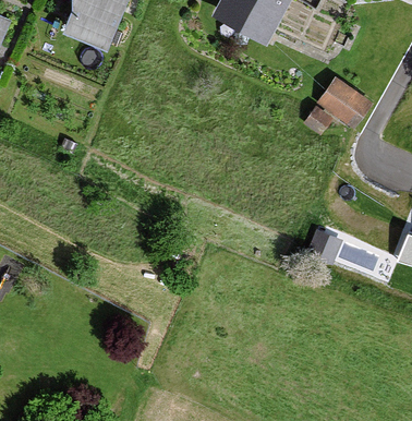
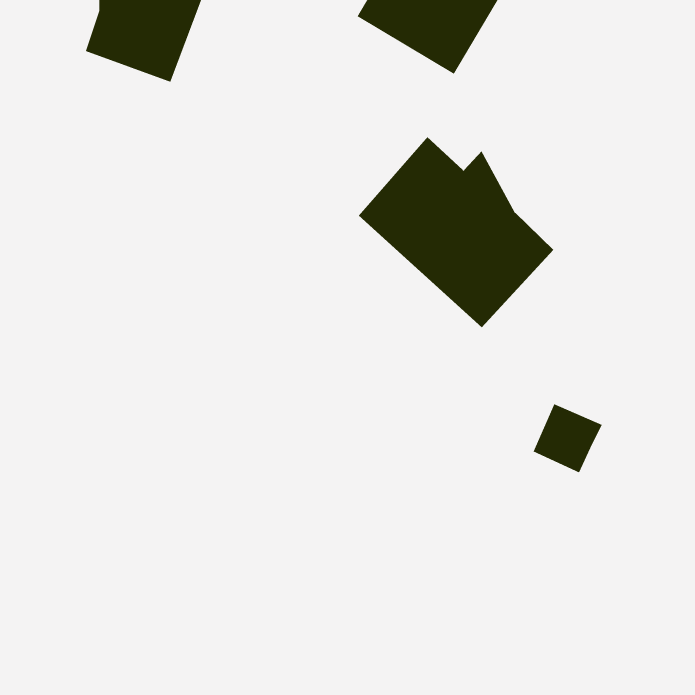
building: [318,76,364,121] -> none
building: none -> [358,136,554,328]

